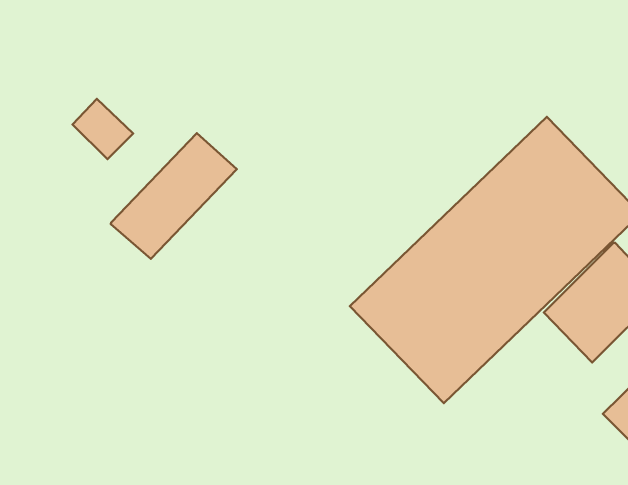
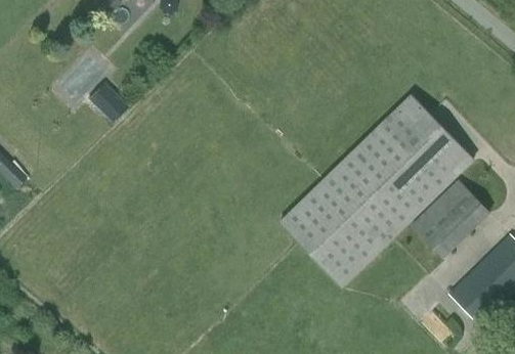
building: [111,133,237,259] -> none

